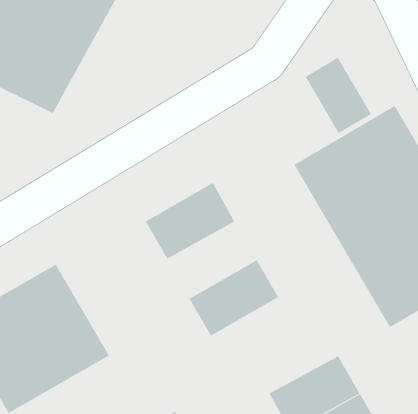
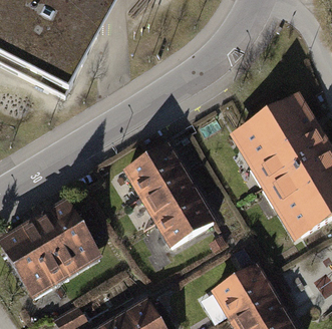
building: [305,57,372,134] -> none
building: none -> [142,168,205,221]

